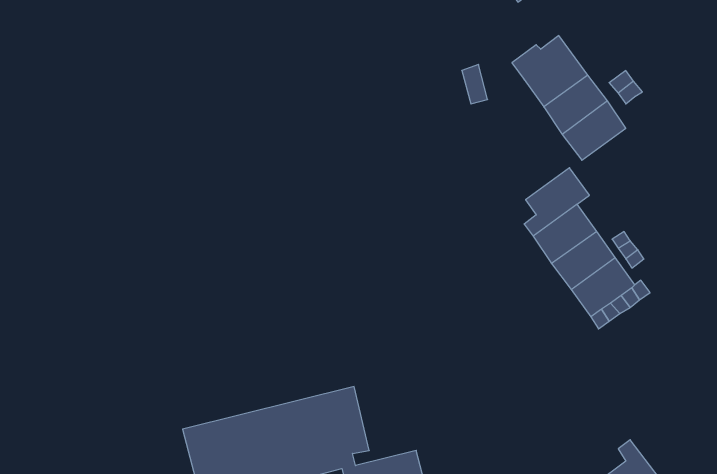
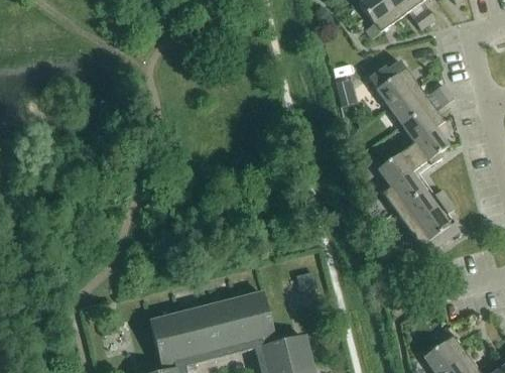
building: none -> [406,120,450,164]

